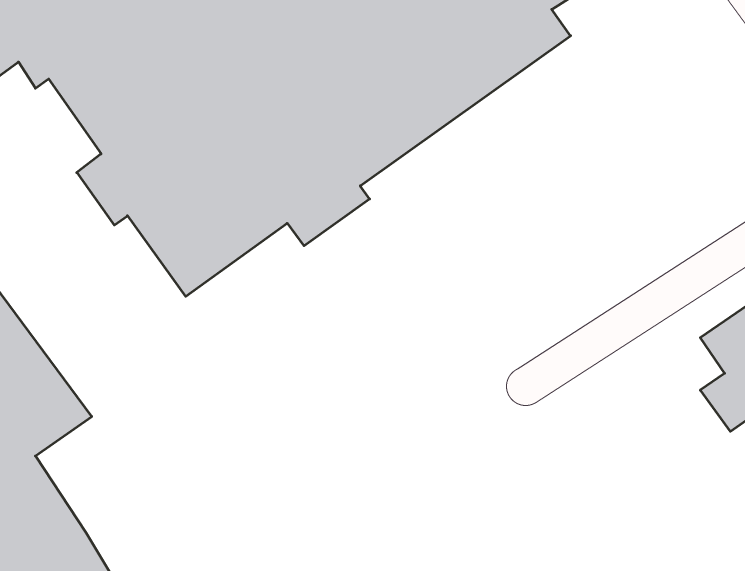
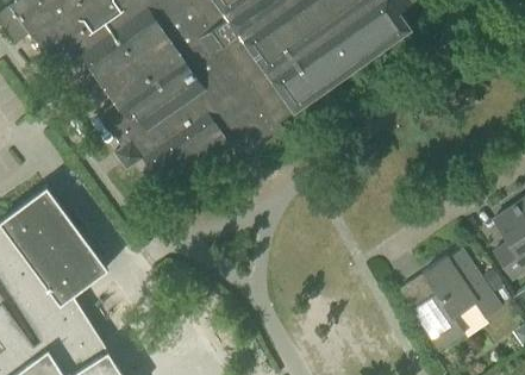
building: none -> [411,249,502,352]

